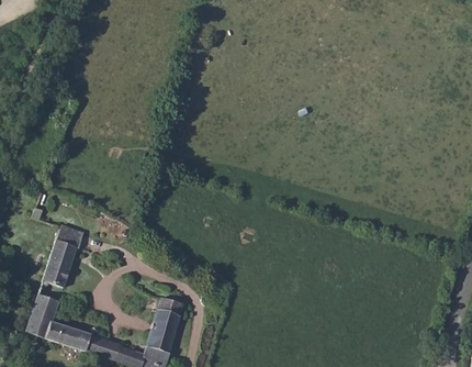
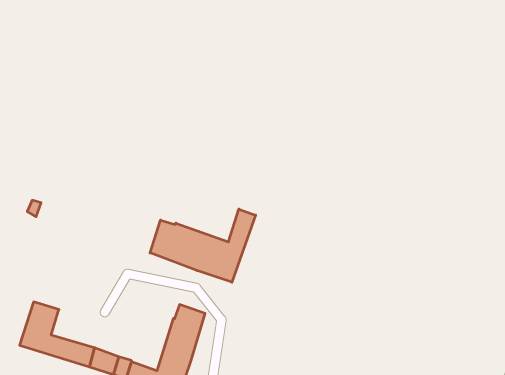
building: none -> [150,209,256,282]
building: [42,225,83,288] -> none

